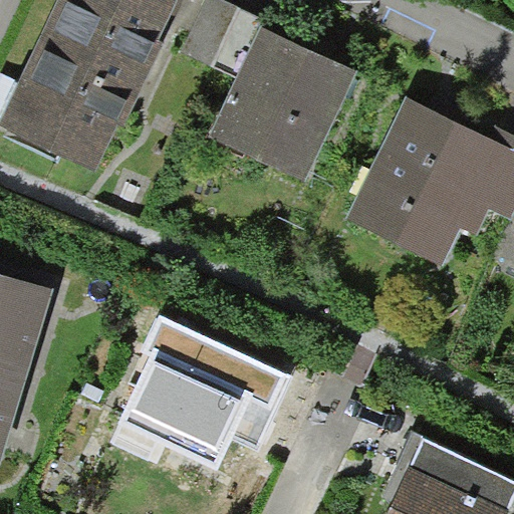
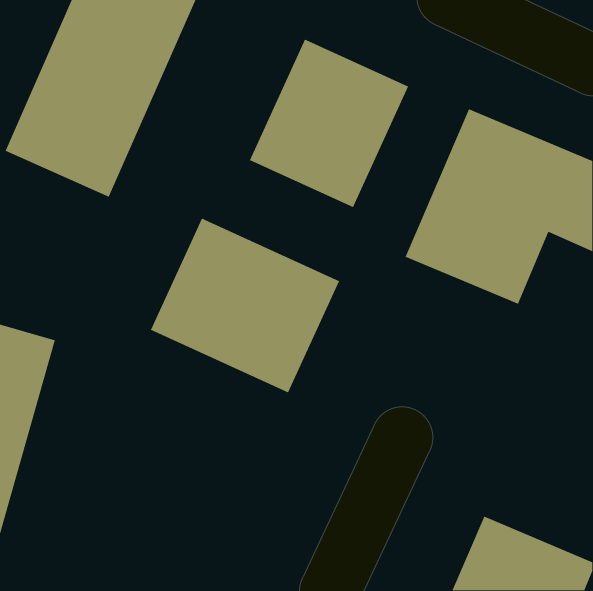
building: none -> [150,217,340,394]
building: [123,349,256,469] -> none

